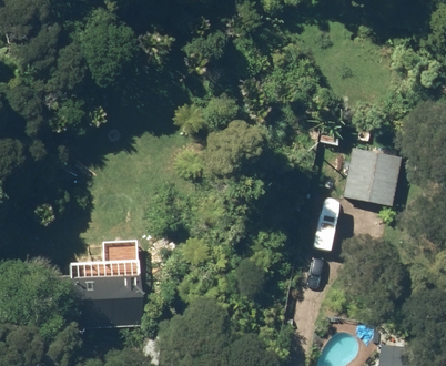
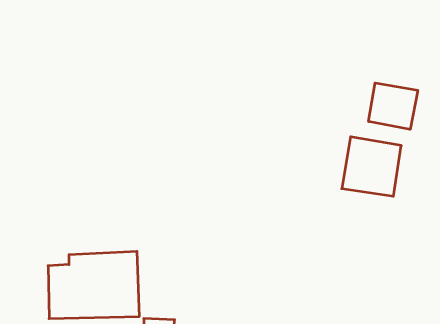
building: none -> [369,83,418,129]

